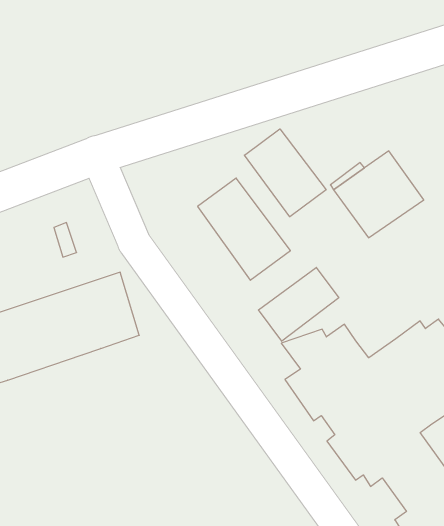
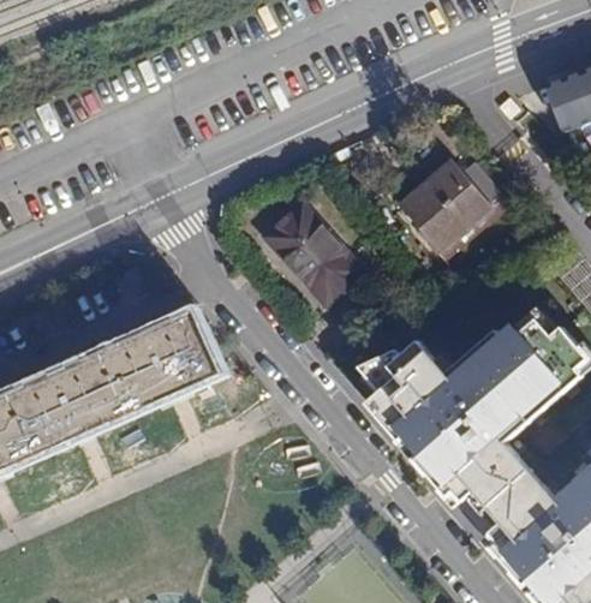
building: [244,129,326,217] -> none
building: [258,267,339,341] -> none

